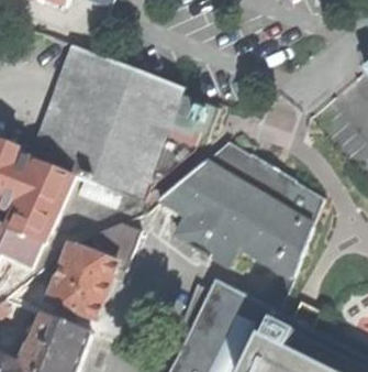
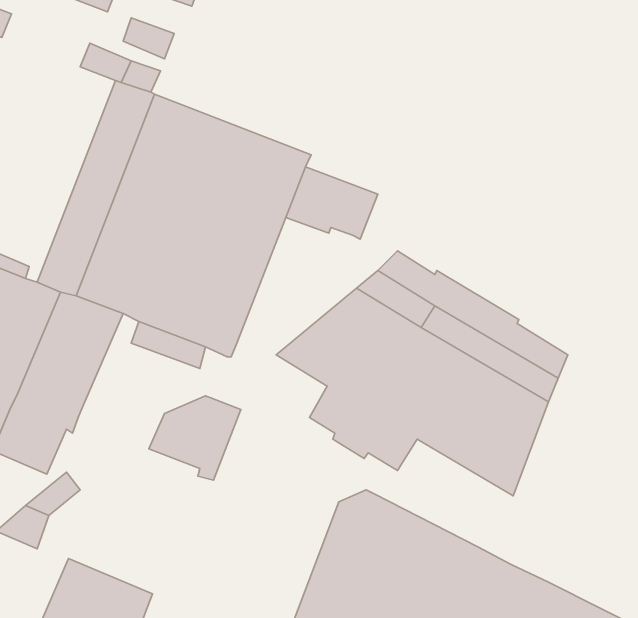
building: [49,248,115,321] -> none

